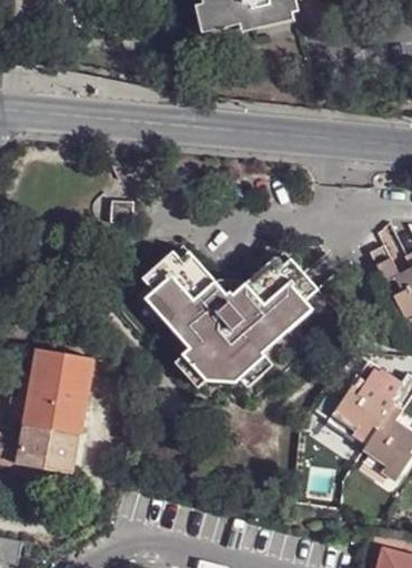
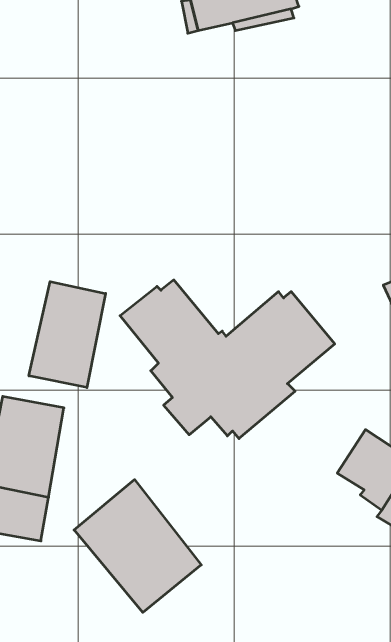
building: none -> [29,282,106,388]
building: none -> [74,480,201,612]

